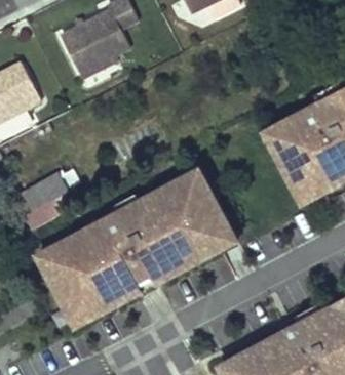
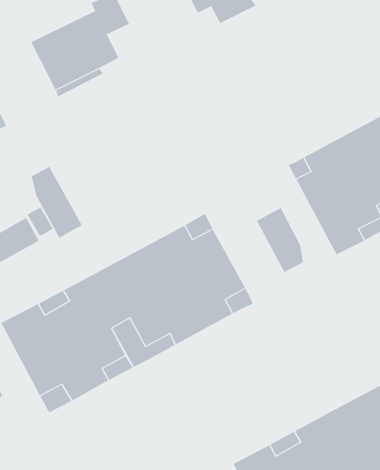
building: none -> [31,166,82,238]
building: none -> [256,207,304,273]

